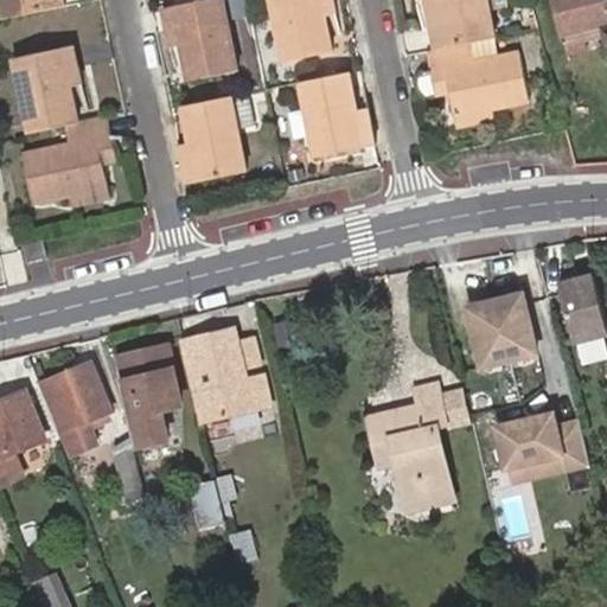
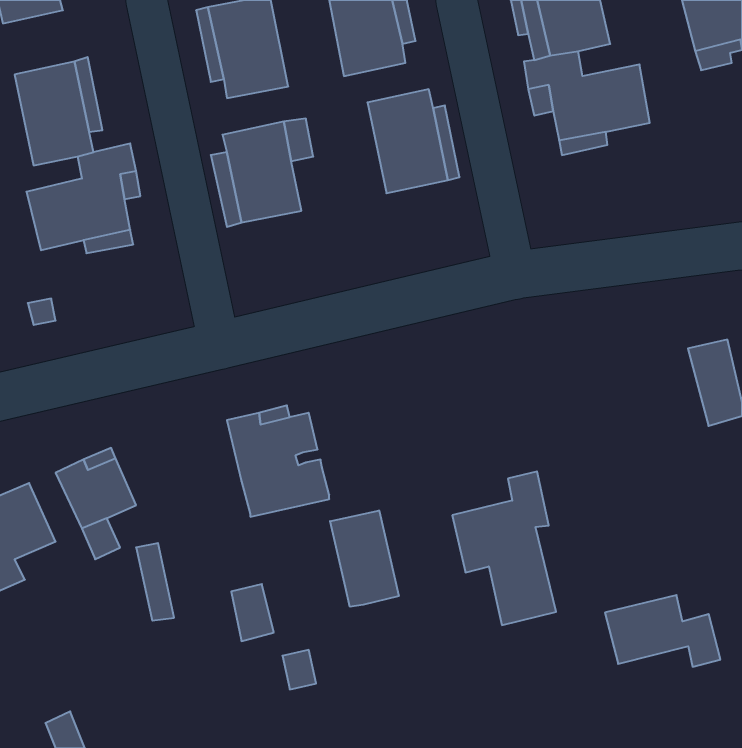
building: [465,294,532,366] -> none
building: [115,345,180,445] -> none
building: [492,411,586,469] -> [605,595,720,667]
building: none -> [330,510,399,607]

